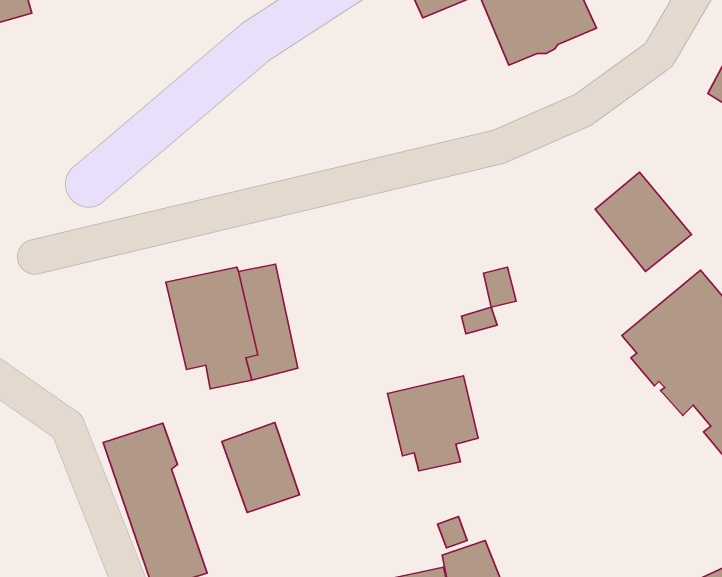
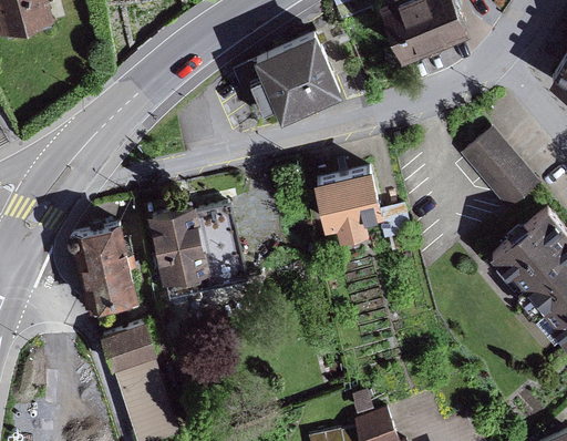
building: none -> [233,30,342,120]
building: none -> [66,221,138,315]
building: [388,376,478,471] -> [315,167,382,238]
building: [222,423,300,513] -> none

